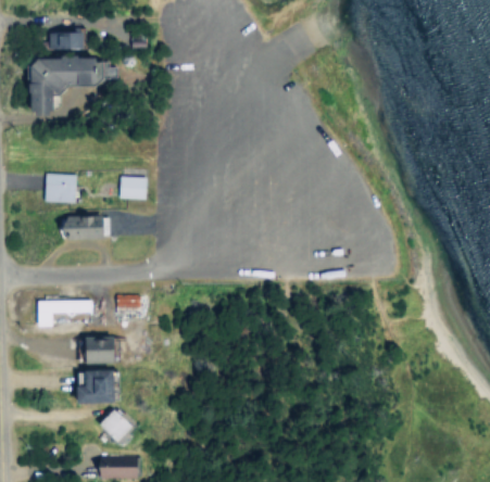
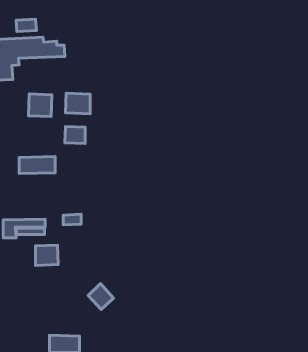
building: none -> [65,93,90,114]
building: [48,174,79,204] -> [28,94,52,117]
building: [75,369,112,402] -> none
building: [100,407,134,442] -> [88,283,113,309]

